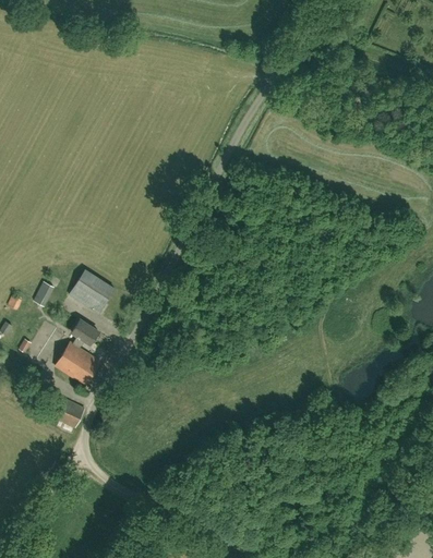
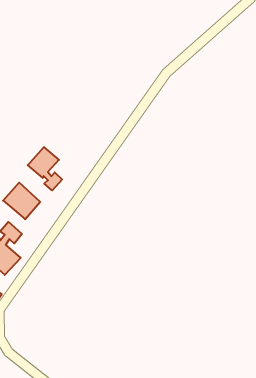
building: none -> [28,147,62,190]

